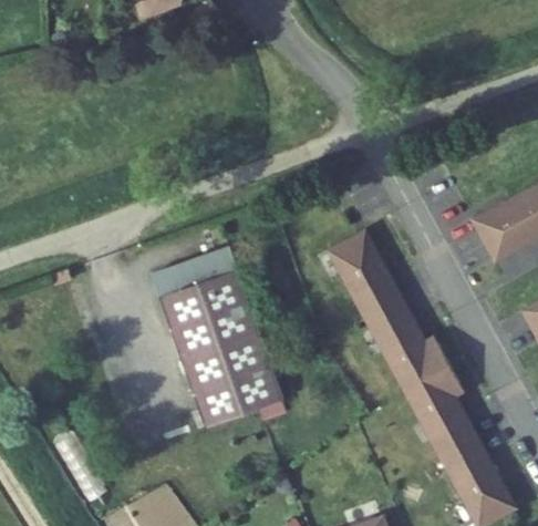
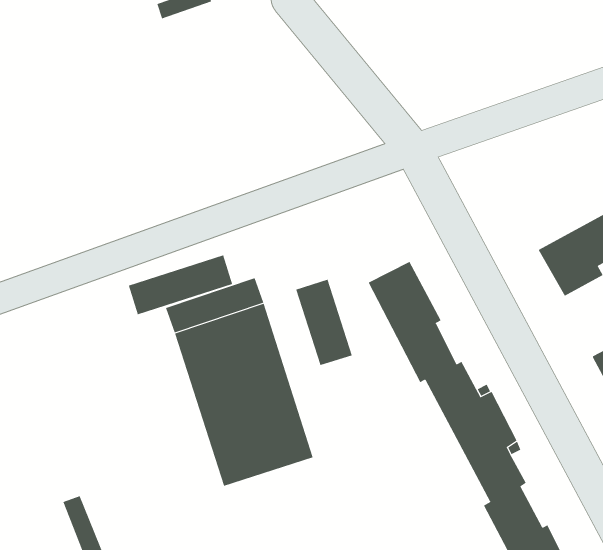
building: none -> [128,254,233,315]
building: none -> [296,279,352,366]

